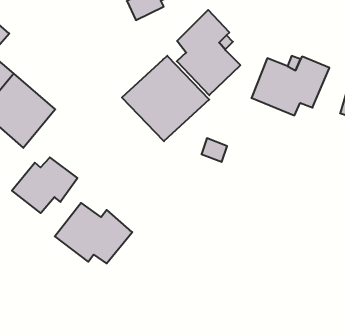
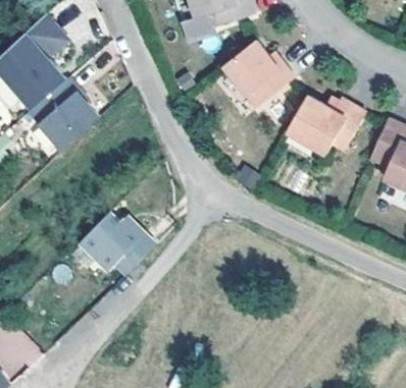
building: [122,56,209,141] -> none
building: [12,157,77,213] -> none

